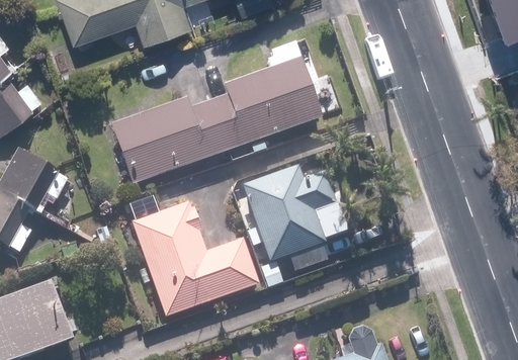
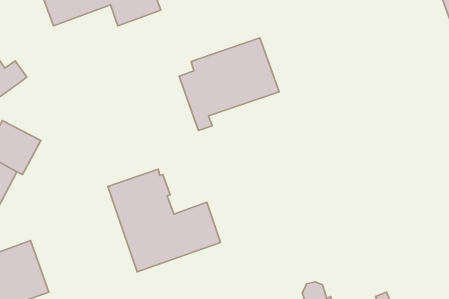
building: [111,97,229,182] -> none
building: [240,166,335,270] -> none

